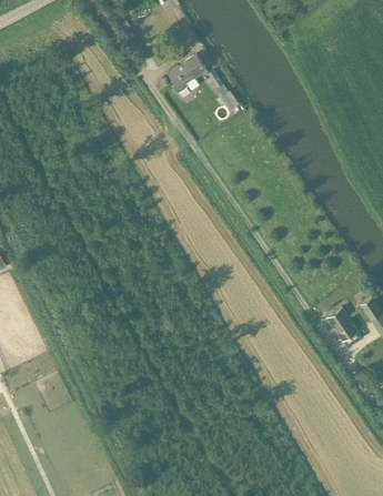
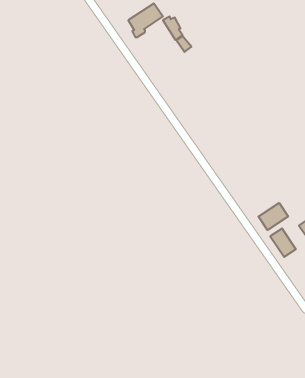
building: none -> [258,203,288,230]

